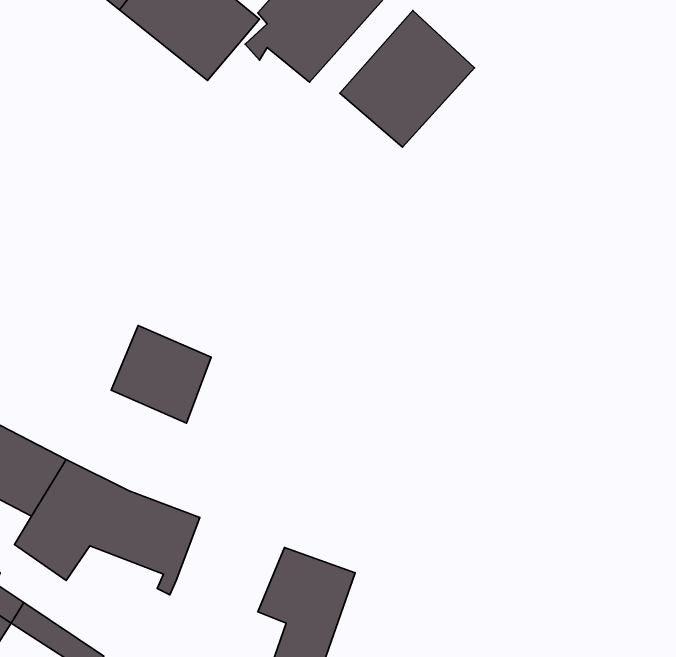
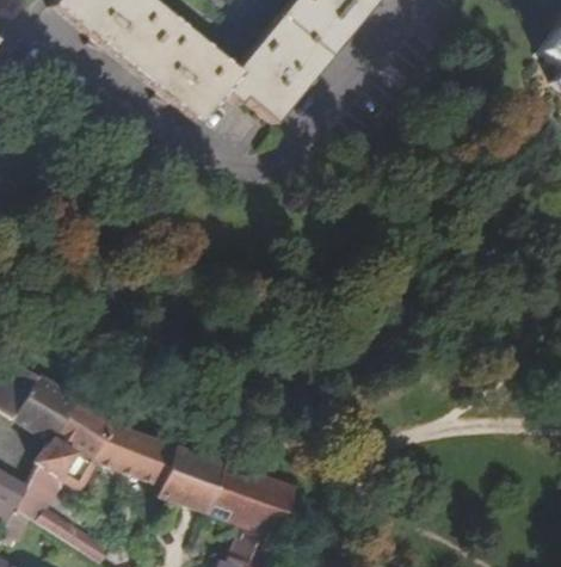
building: [340,11,474,147] -> none
building: [111,325,211,423] -> none
building: none -> [166,445,248,517]

